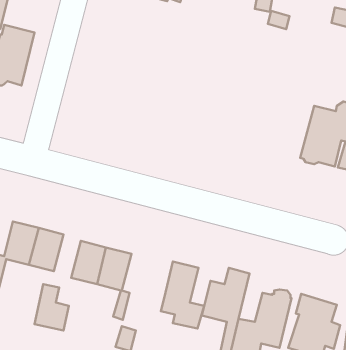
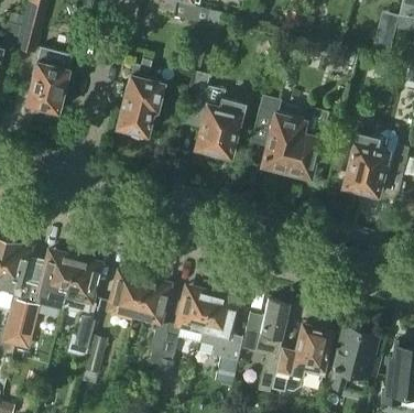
building: none -> [118,58,164,138]
building: none -> [182,72,243,160]
building: none -> [251,95,330,180]
building: none -> [162,285,213,354]

